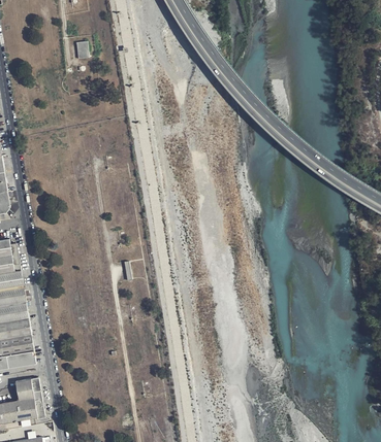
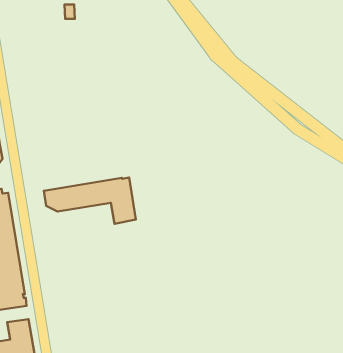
building: none -> [44,178,136,224]

